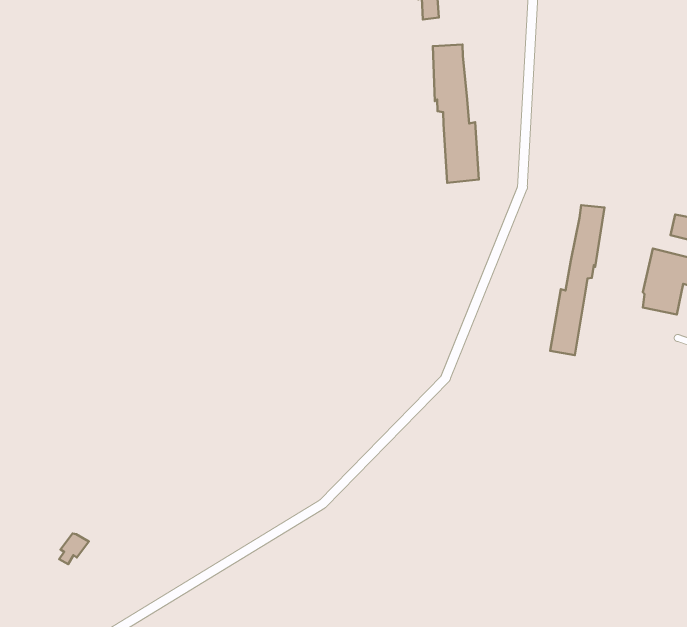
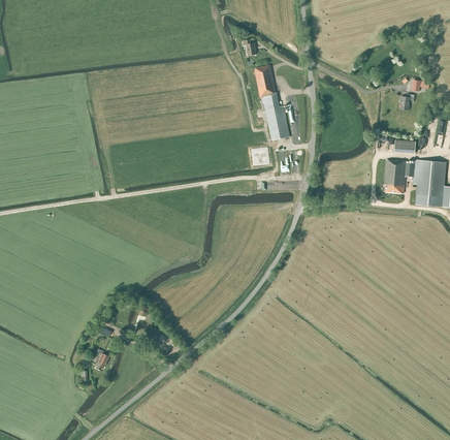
building: [550,205,604,355] -> none

